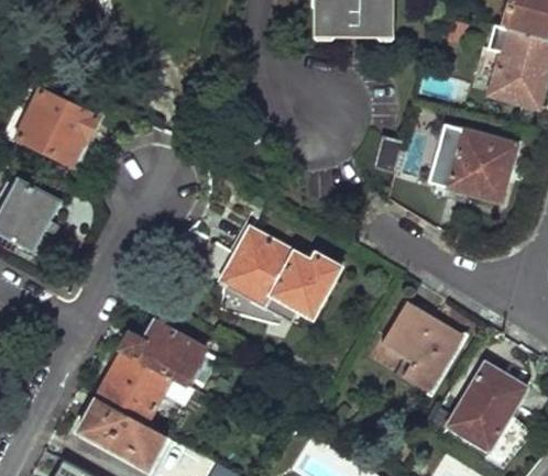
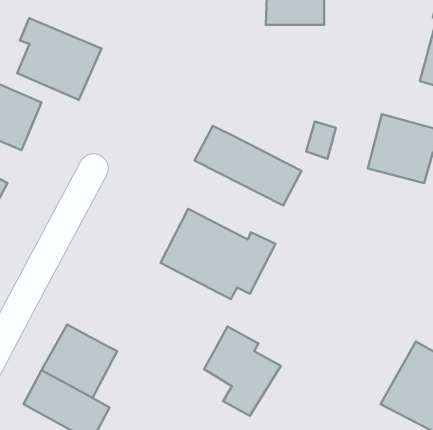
building: none -> [17,18,102,100]
building: none -> [195,126,301,205]
building: [380,301,459,394] -> [204,327,281,416]
building: [121,316,207,380] -> none

